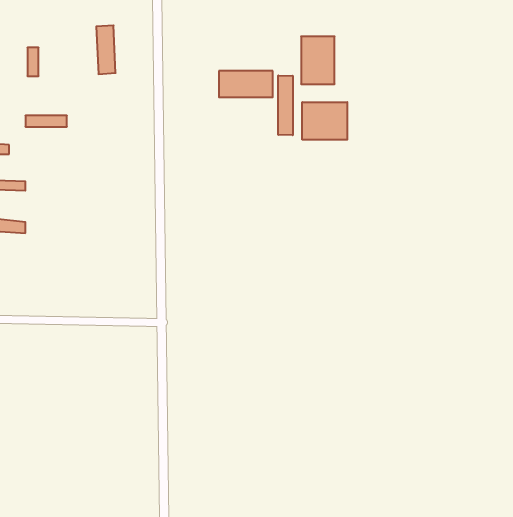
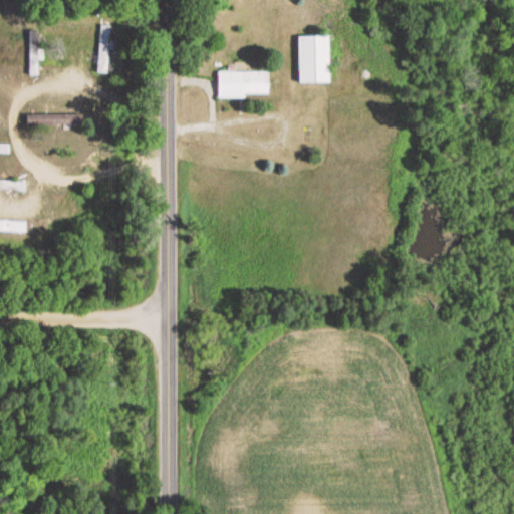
building: [278,75,293,135] -> none
building: [302,102,347,140] -> none

